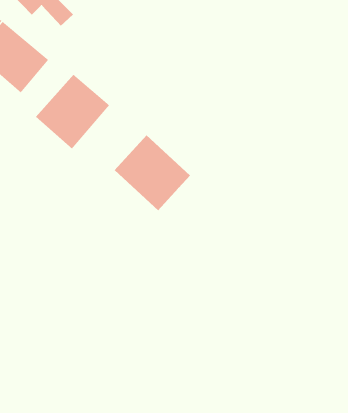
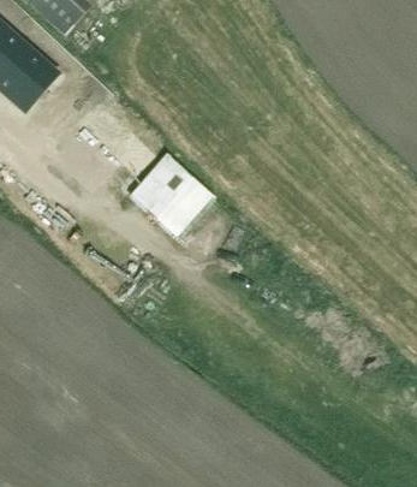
building: [35,74,110,149] -> none

